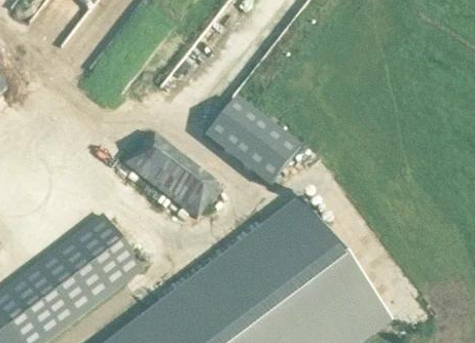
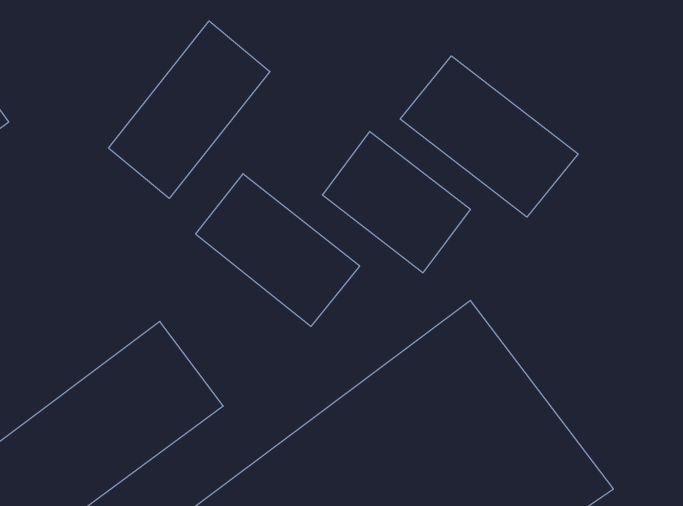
building: none -> [109,21,270,198]
building: none -> [400,56,578,217]

